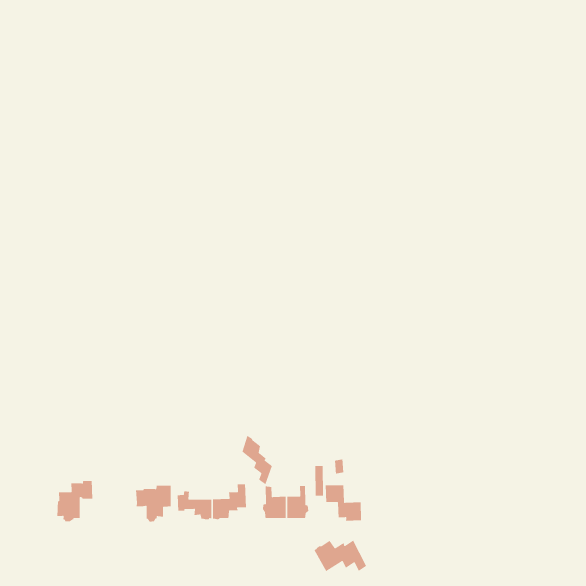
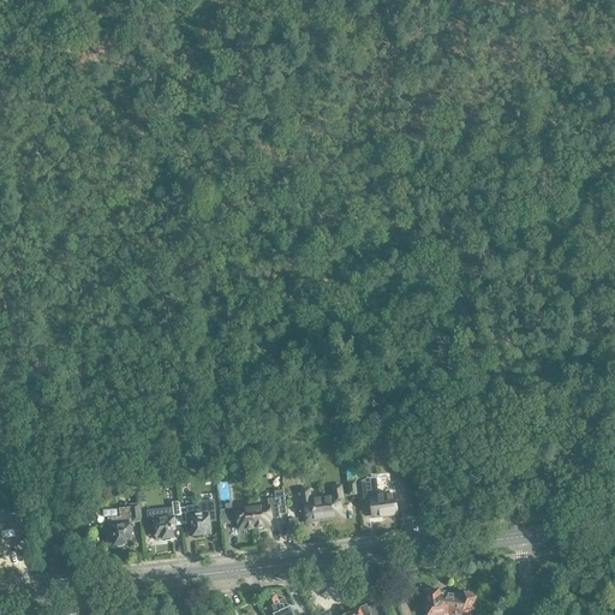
building: [241,435,273,486] -> none
building: none -> [147,501,181,541]
building: [313,539,367,572] -> none

